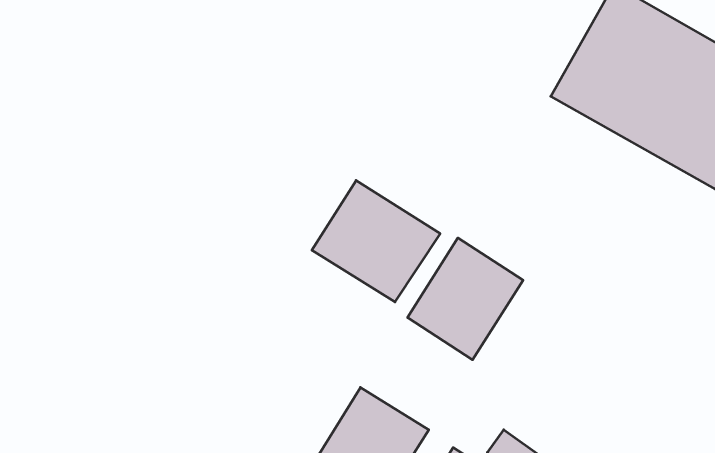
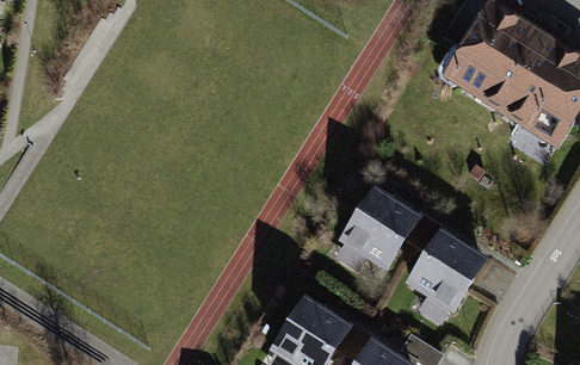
building: [312,180,440,302] -> none
building: none -> [401,225,489,317]

